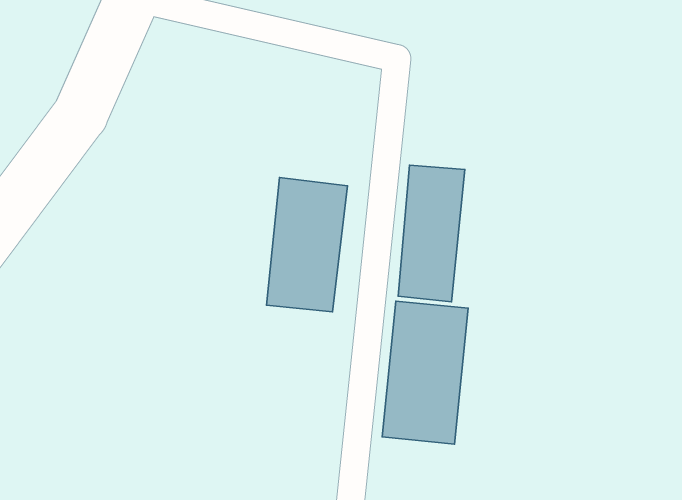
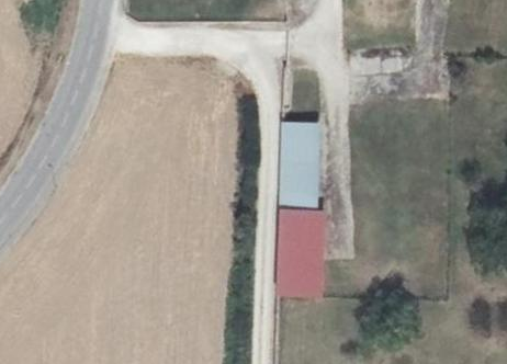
building: [266,177,347,312] -> none

